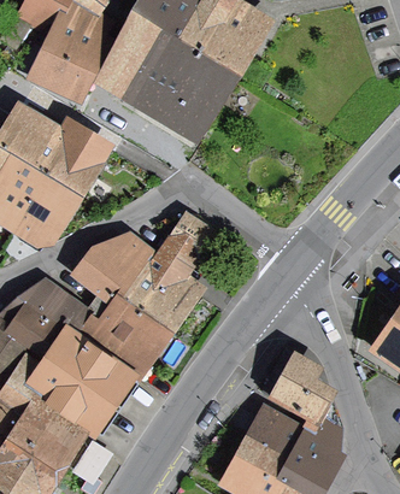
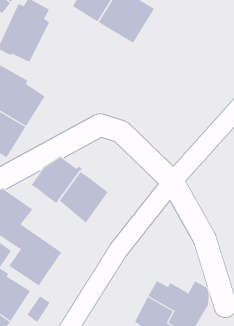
building: [107,18,230,137] -> none
building: [153,217,207,267] -> none
building: [76,293,161,376] -> none
building: [270,354,339,429] -> none

